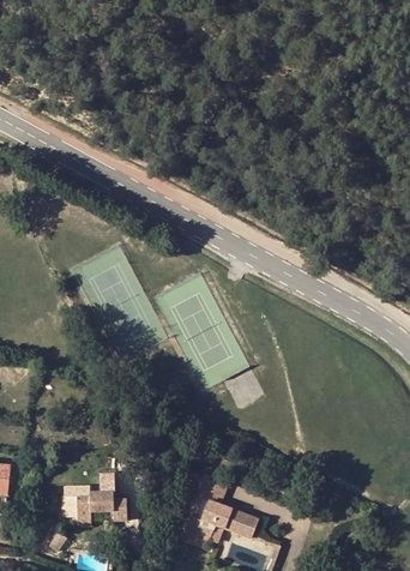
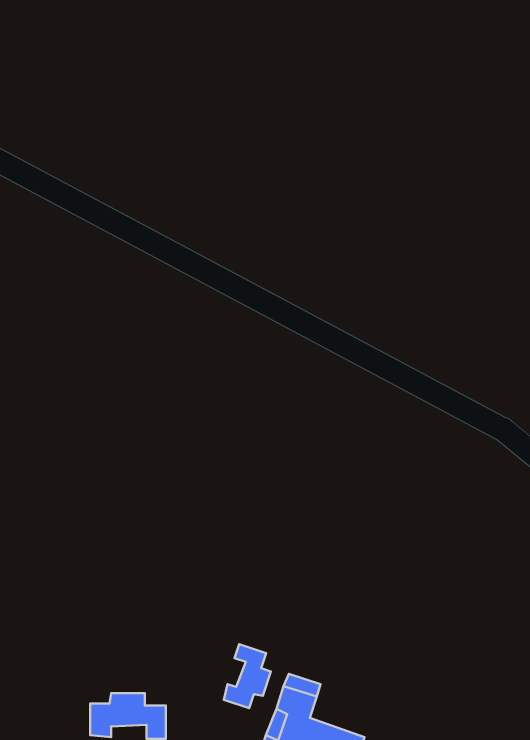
building: none -> [224,644,271,708]

